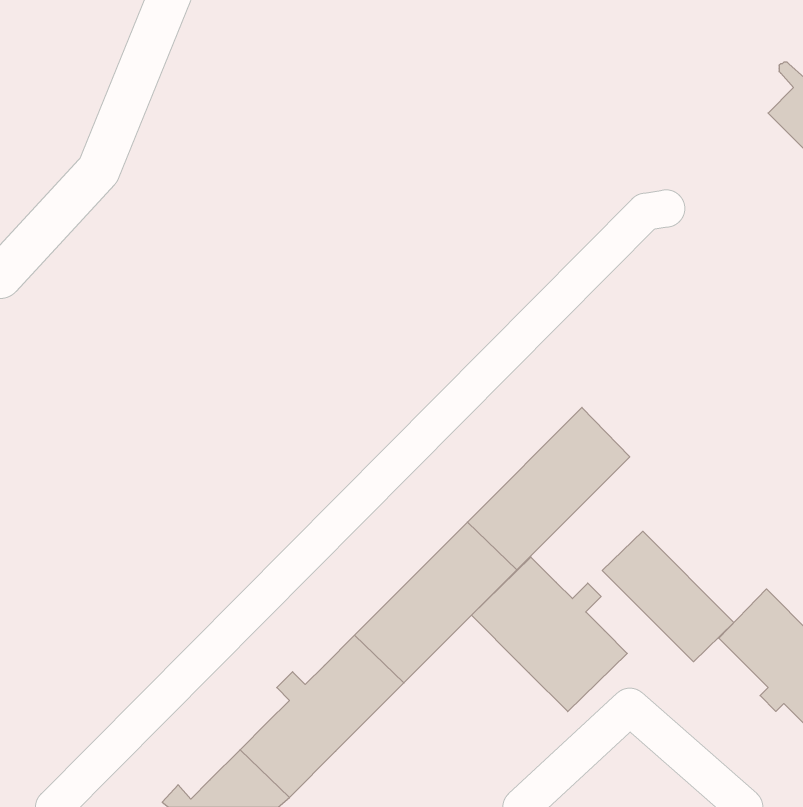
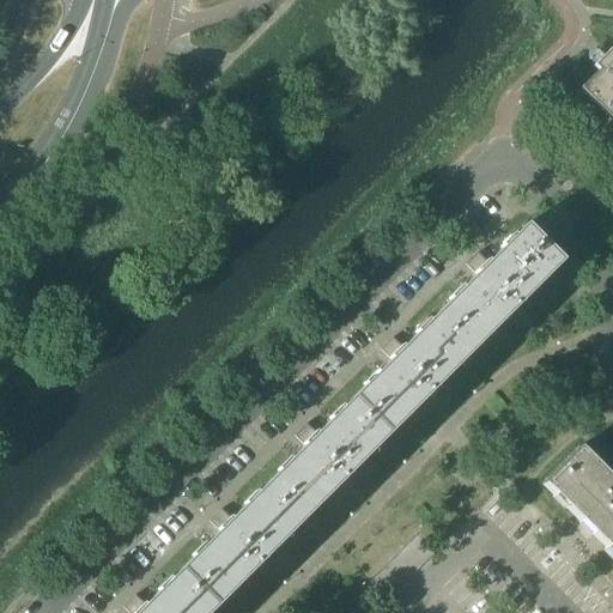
building: none -> [445,221,568,344]
building: [602,531,734,662] -> none
building: [471,557,627,712] -> none

